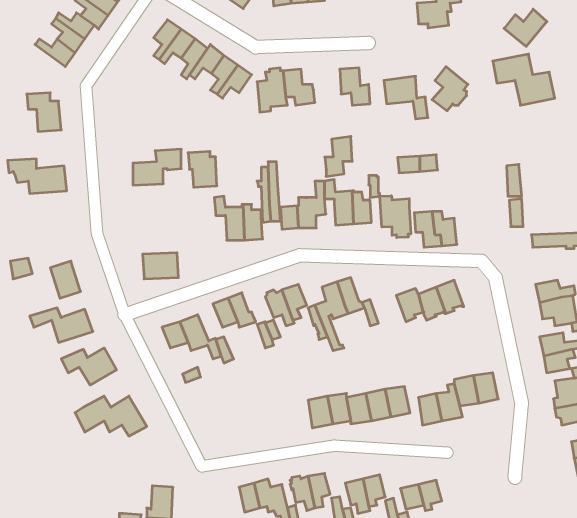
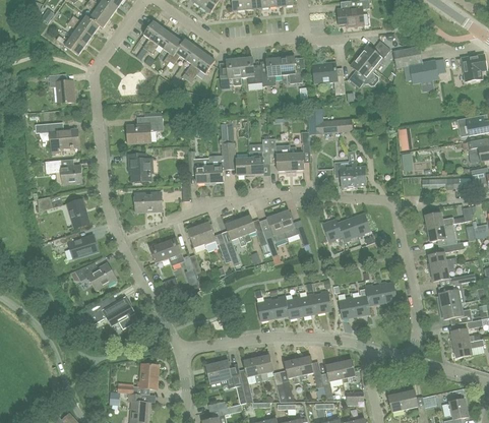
building: [504,9,547,46] -> [358,41,389,68]
building: [325,136,352,176] -> [260,57,281,86]
building: [188,151,217,187] -> [128,155,149,181]
building: [380,196,411,238] -> none
building: none -> [45,160,81,184]

